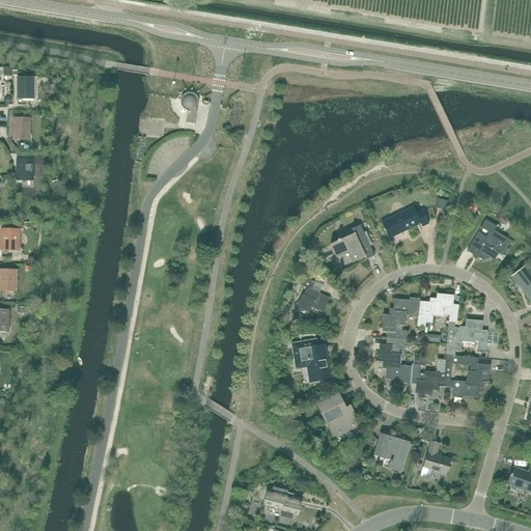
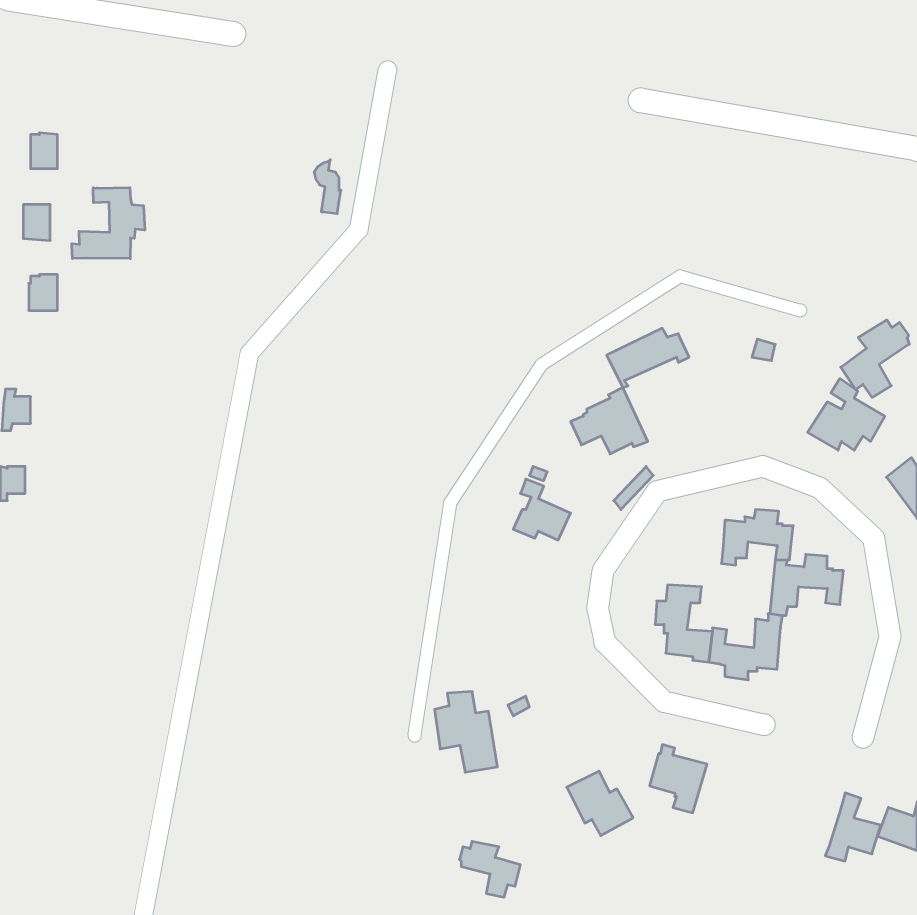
building: none -> [72,188,145,259]
building: none -> [841,320,909,397]
building: [381,206,428,241] -> [607,328,689,388]
building: [384,297,420,339] -> none
building: [292,334,329,381] -> [435,692,497,772]
building: [451,356,488,397] -> none
building: [319,396,358,434] -> [567,771,633,836]
building: [419,440,451,479] -> [825,793,881,861]

